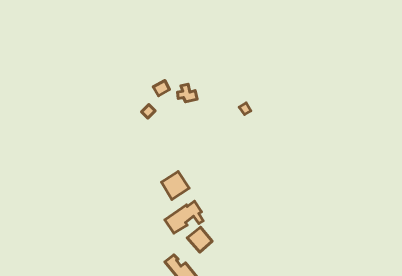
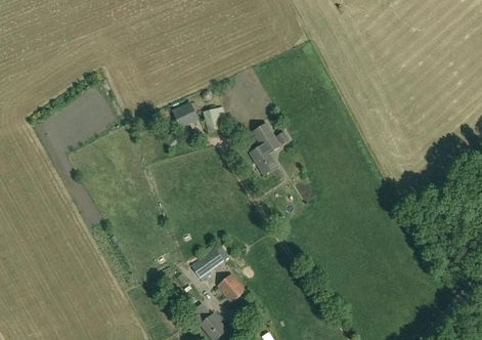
building: none -> [249,122,279,174]
building: [161,172,189,200] -> none

